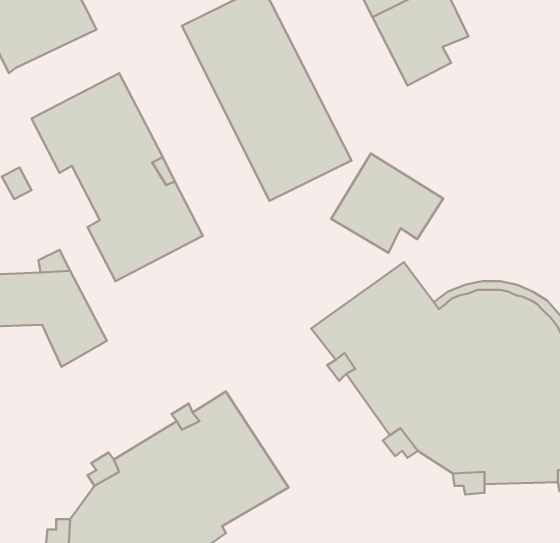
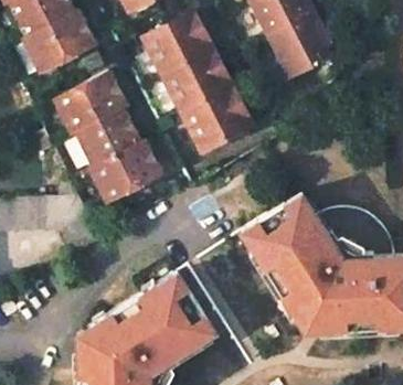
building: [331,154,443,253] -> none

